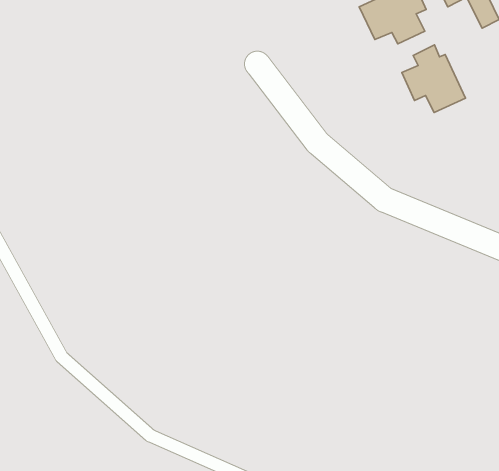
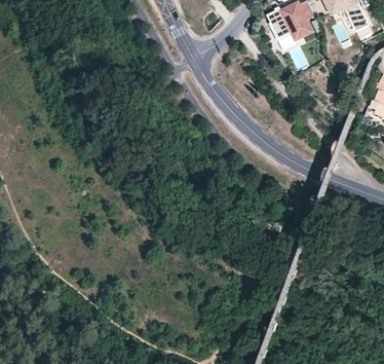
building: [402,45,466,112] -> none

